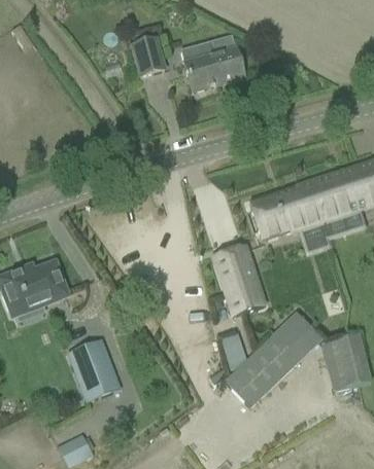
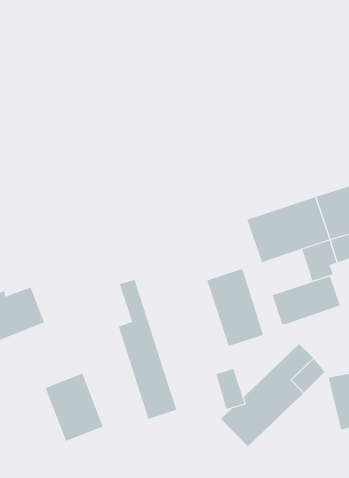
building: [132,36,165,74] -> none
building: [181,39,244,89] -> none
building: none -> [272,275,340,325]
building: none -> [118,279,177,420]

